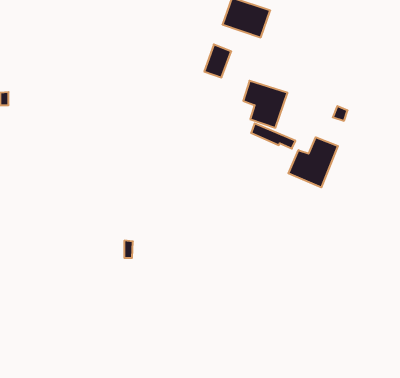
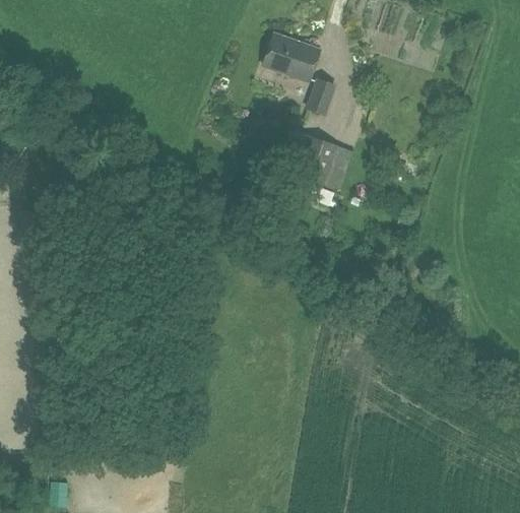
building: [204,44,231,77] -> [307,78,338,117]
building: [288,137,338,187] -> none

